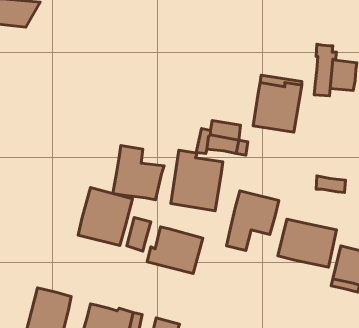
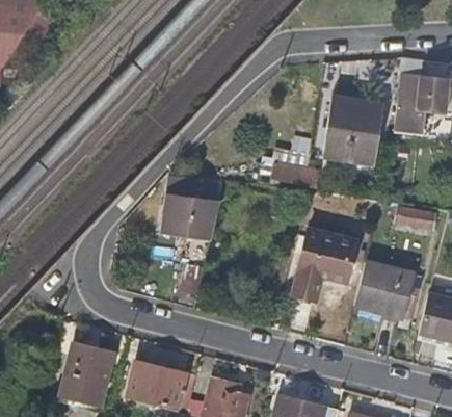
building: [171,150,223,211] -> none
building: [78,187,132,246] -> none
building: [147,227,203,274] -> none

